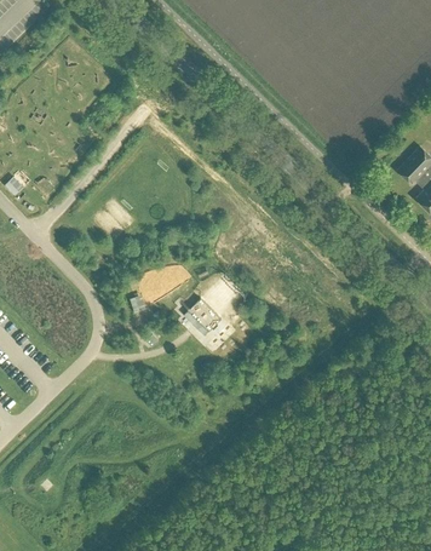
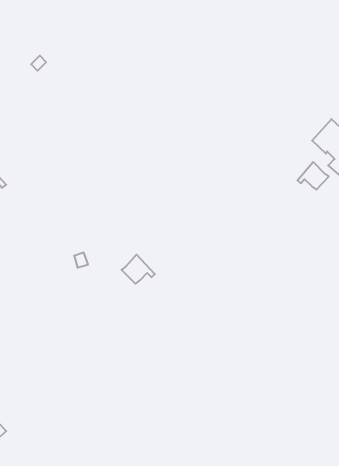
building: none -> [297,162,329,190]

